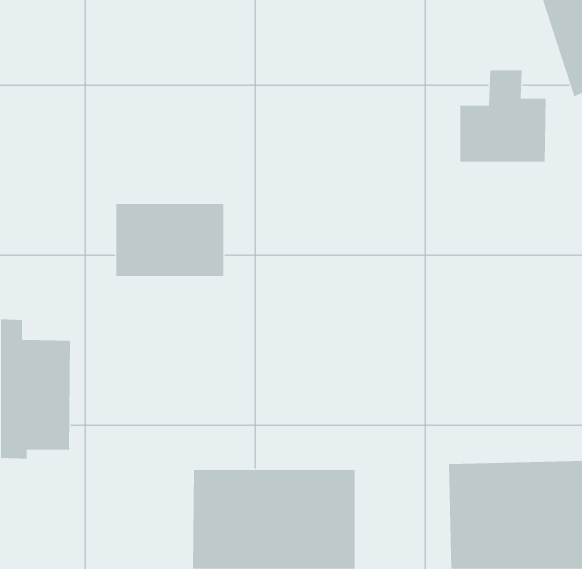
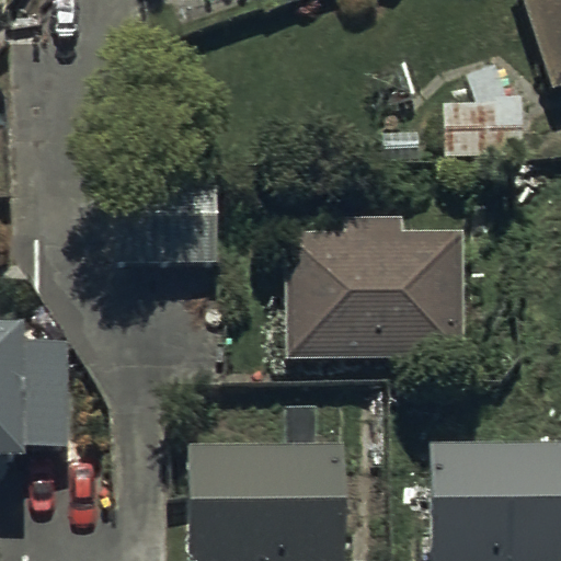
building: none -> [284,216,461,364]

